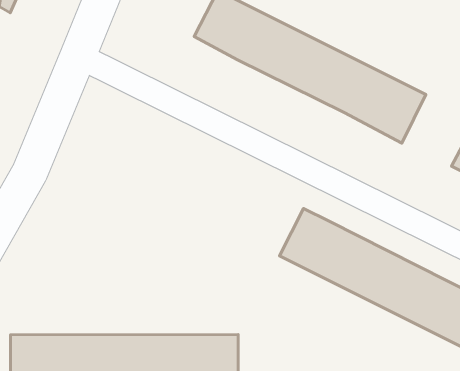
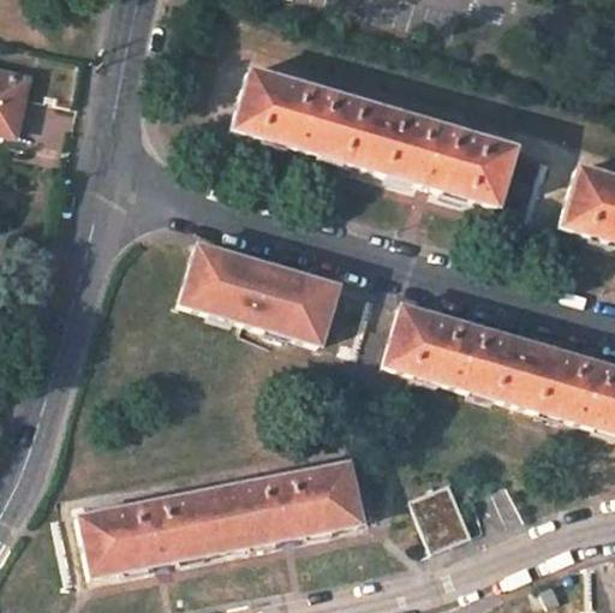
building: none -> [183,243,340,345]

